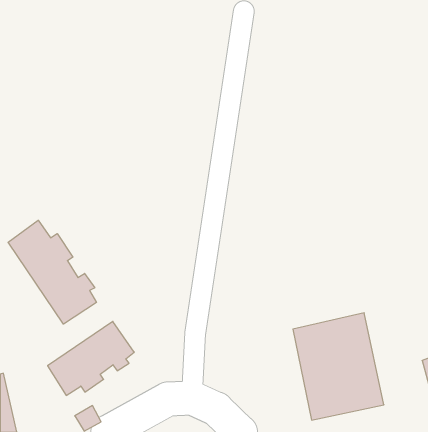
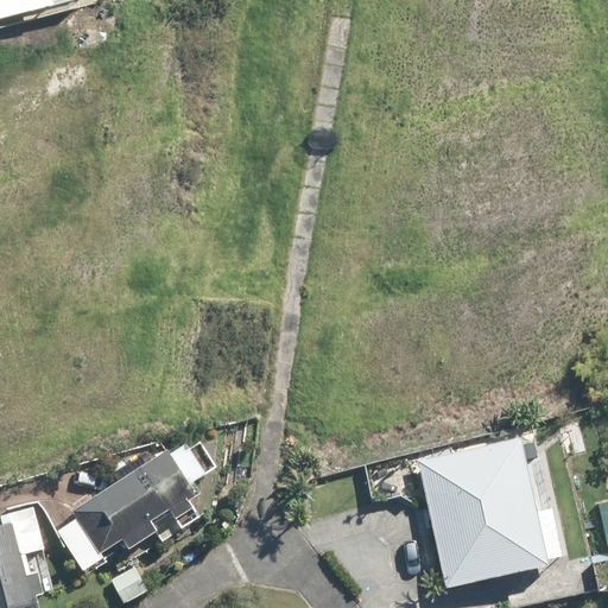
building: [8,220,96,324] -> none

